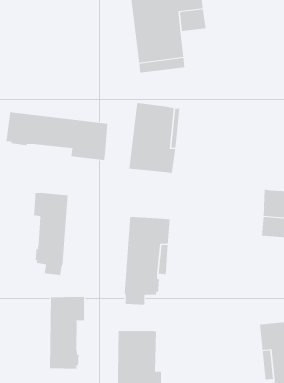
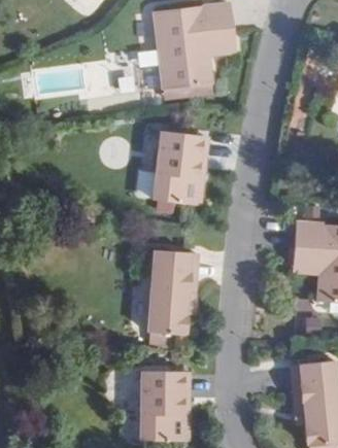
building: [6,112,108,161] -> none
building: [34,192,68,276] -> none
building: [50,296,85,369] -> none

